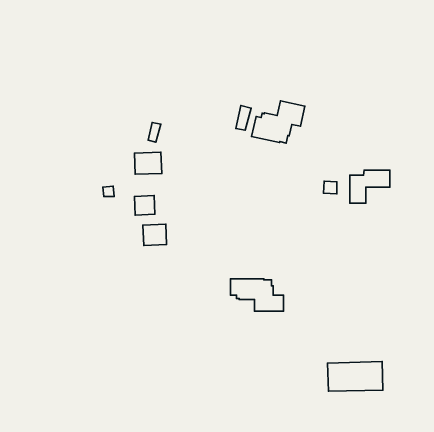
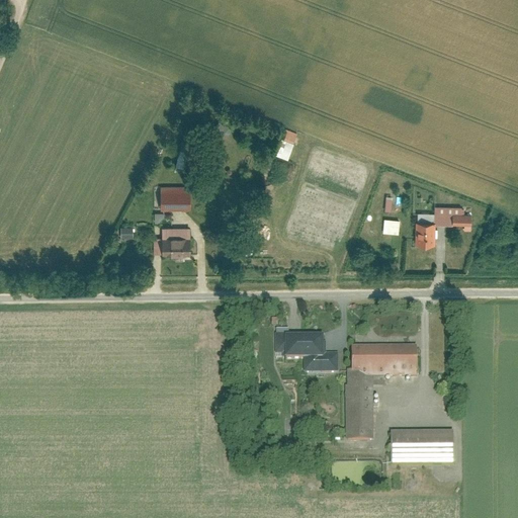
building: [252,101,305,143] -> none
building: [143,224,167,246] -> none
building: none -> [346,344,416,439]

